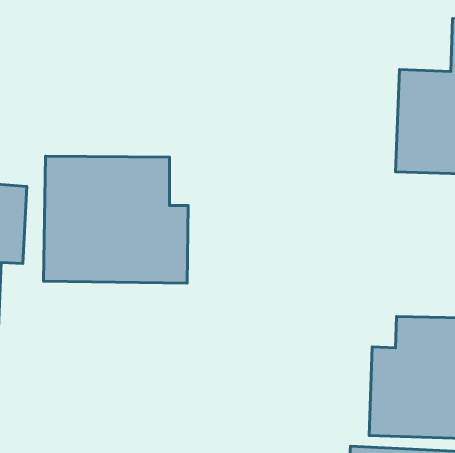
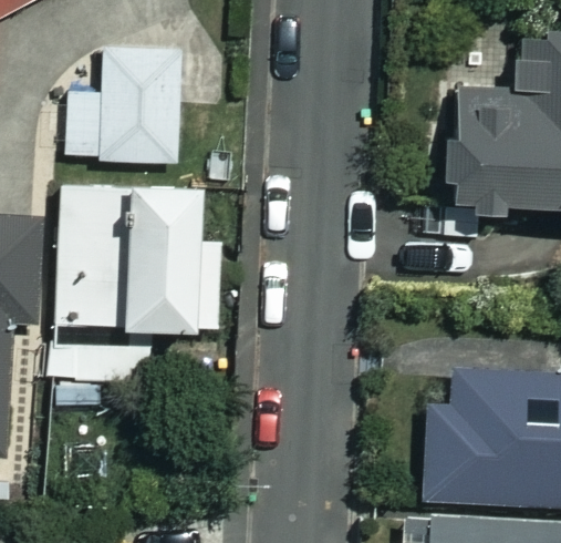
building: none -> [67,50,181,163]

